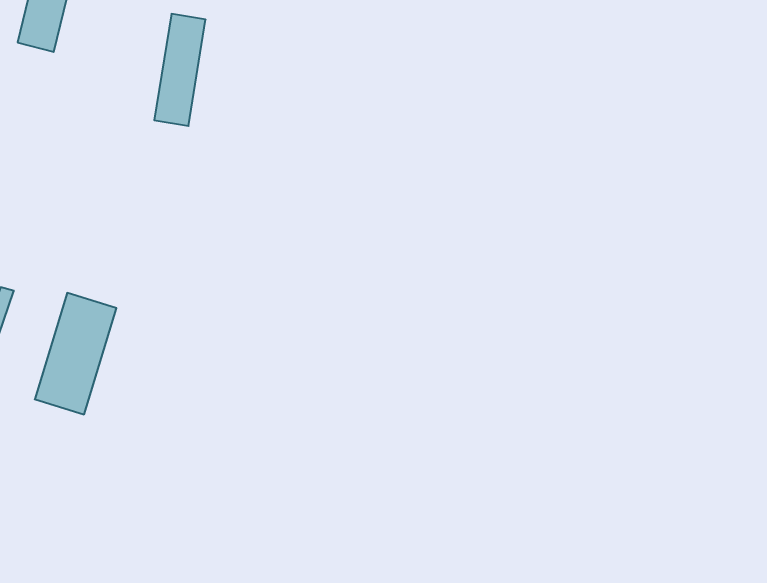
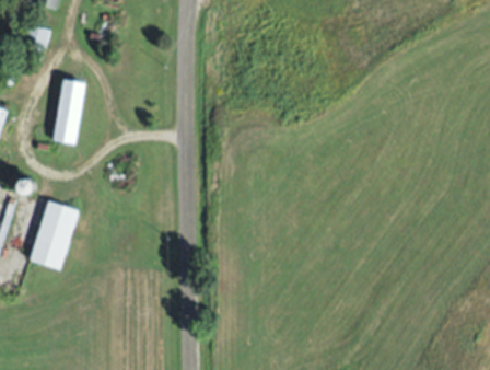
building: [154,14,206,126] -> [56,80,85,144]

